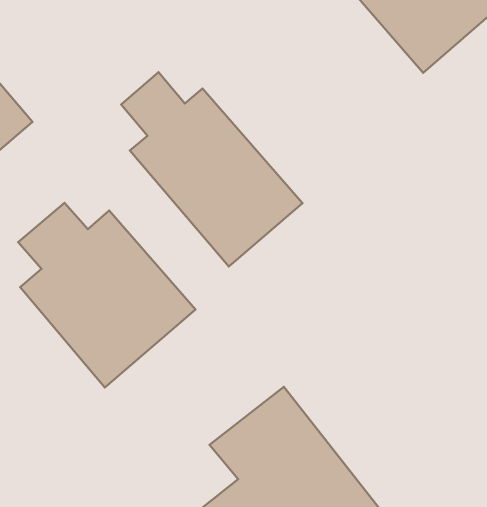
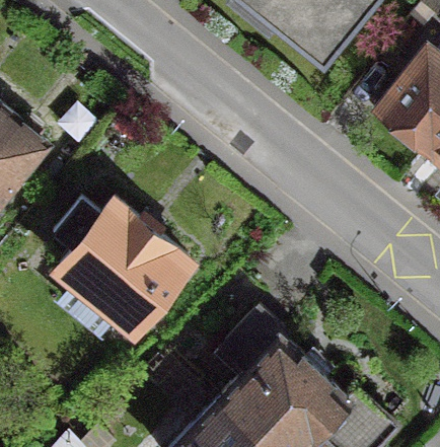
building: [121,72,302,266] -> none

